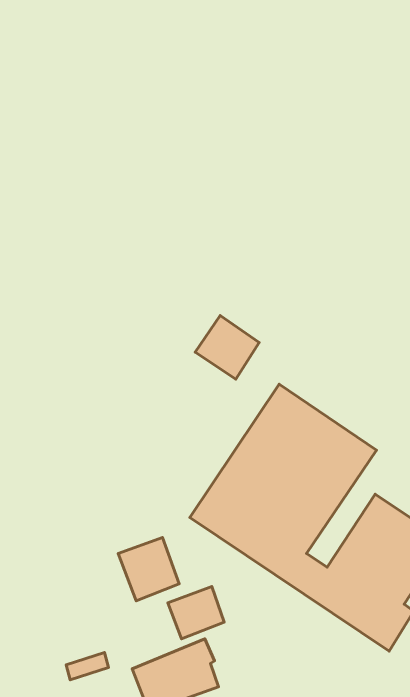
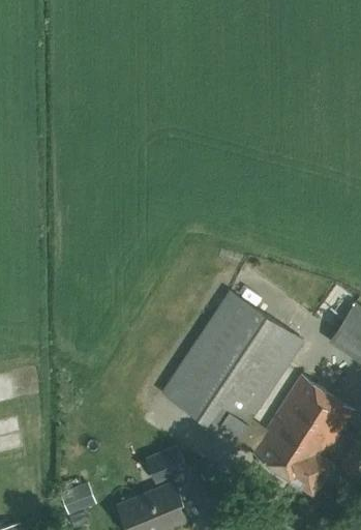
building: [195,316,259,379] -> none
building: [118,537,179,601] -> none

